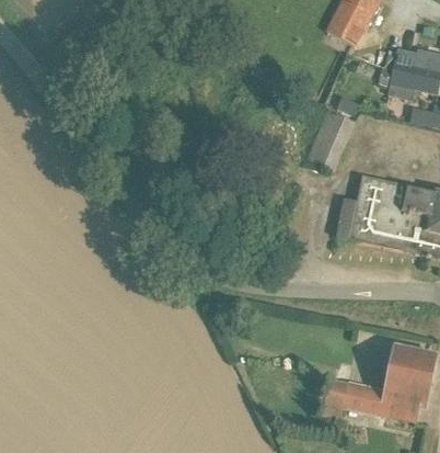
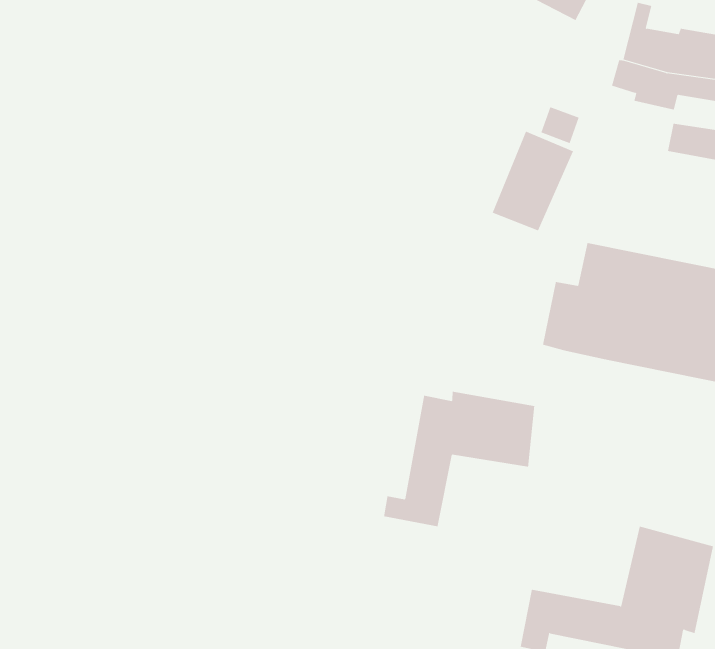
building: none -> [384,391,535,527]

